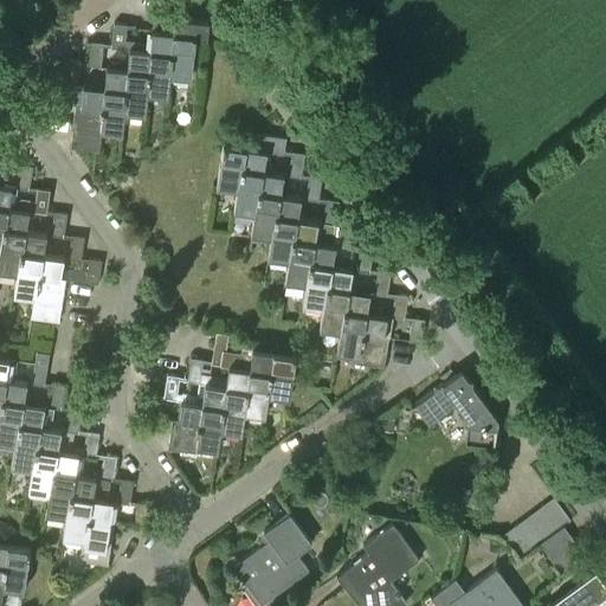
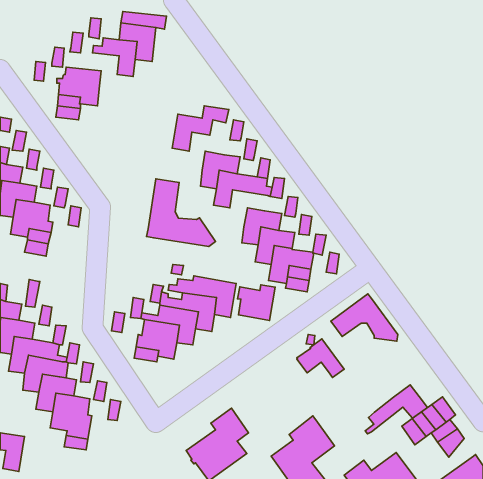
building: [103,70,149,118] -> none
building: [233,170,283,218] -> none
building: none -> [147,179,216,247]
building: [284,243,335,289] -> none
building: none -> [238,285,275,320]
building: none -> [297,339,344,378]
building: none -> [365,385,428,434]

